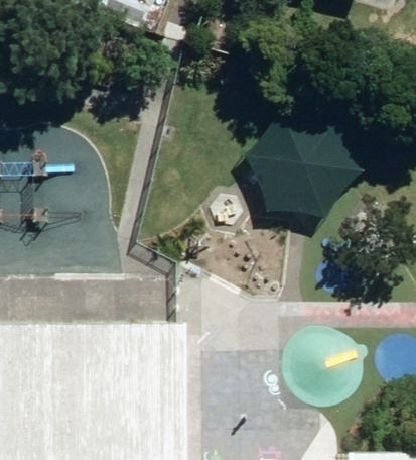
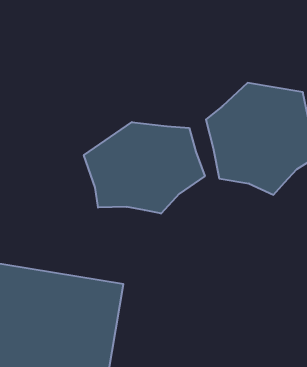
building: none -> [84,122,205,214]

